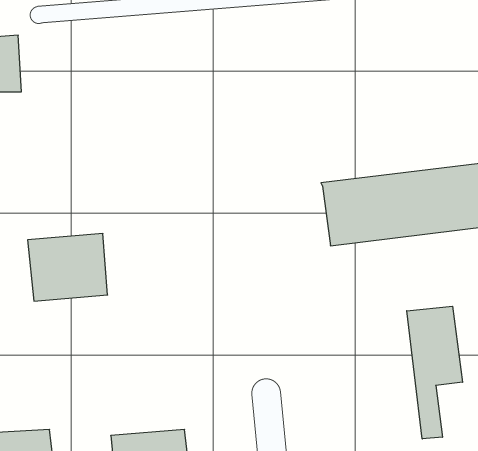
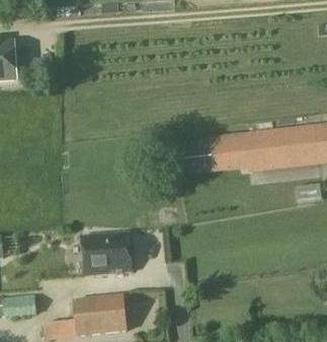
building: [28,234,108,301] -> [81,231,133,275]
building: [407,306,463,439] -> none

